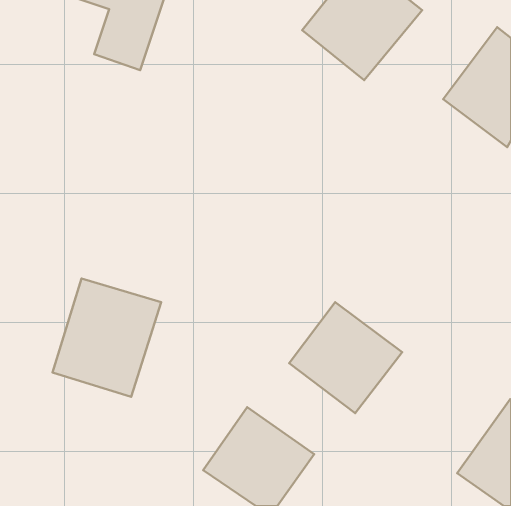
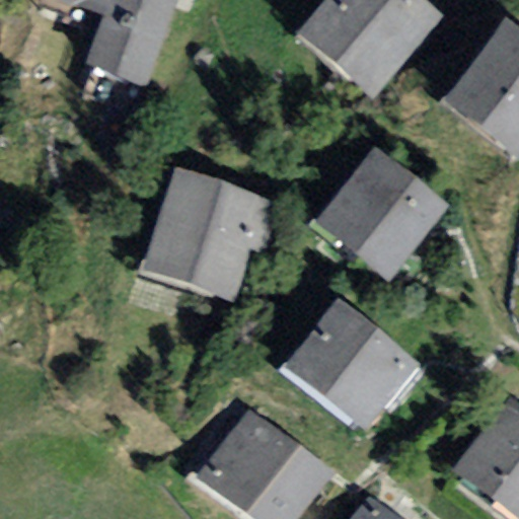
building: none -> [306,157,432,287]
building: none -> [146,170,254,290]
building: [53,279,161,397] -> none

